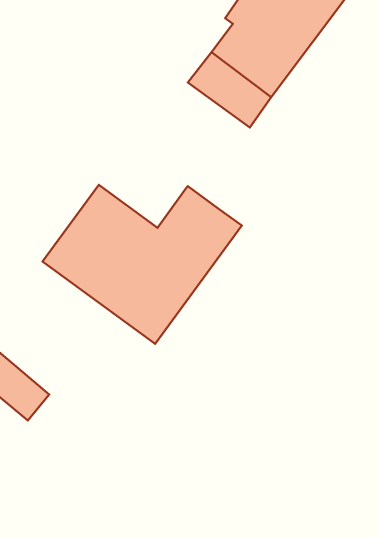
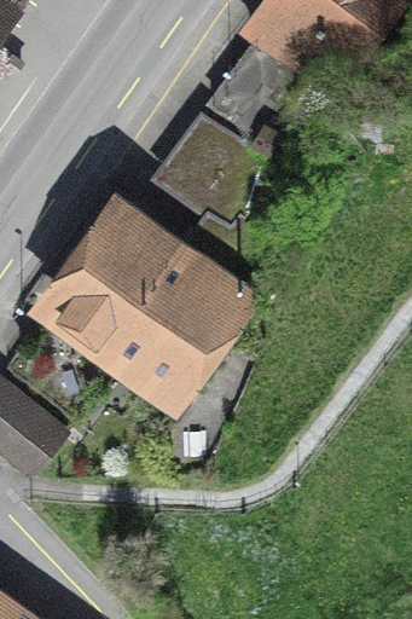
building: none -> [151,116,260,239]

